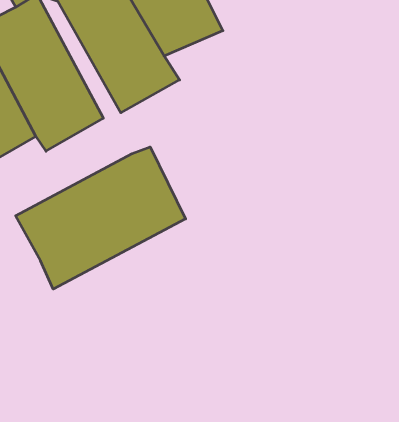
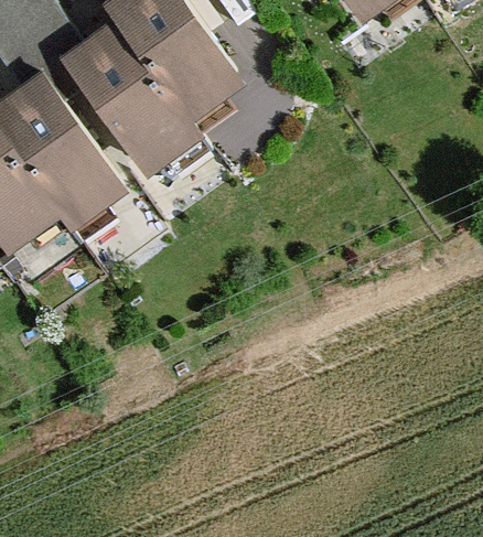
building: [16,147,186,289] -> none

